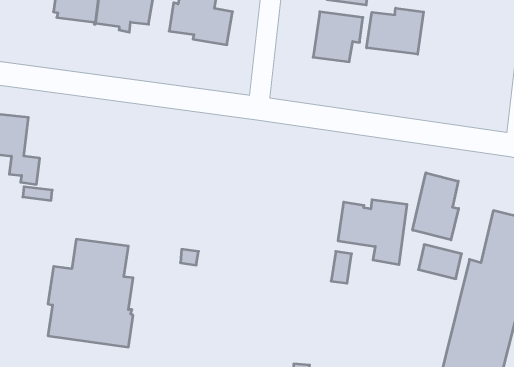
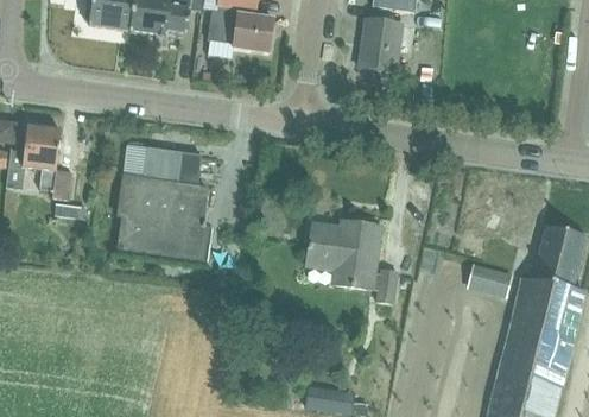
building: [367,8,424,54] -> none
building: [413,173,459,240] -> none
building: [338,200,407,265] -> [306,221,379,289]
building: [48,239,133,347] -> [118,146,207,259]

